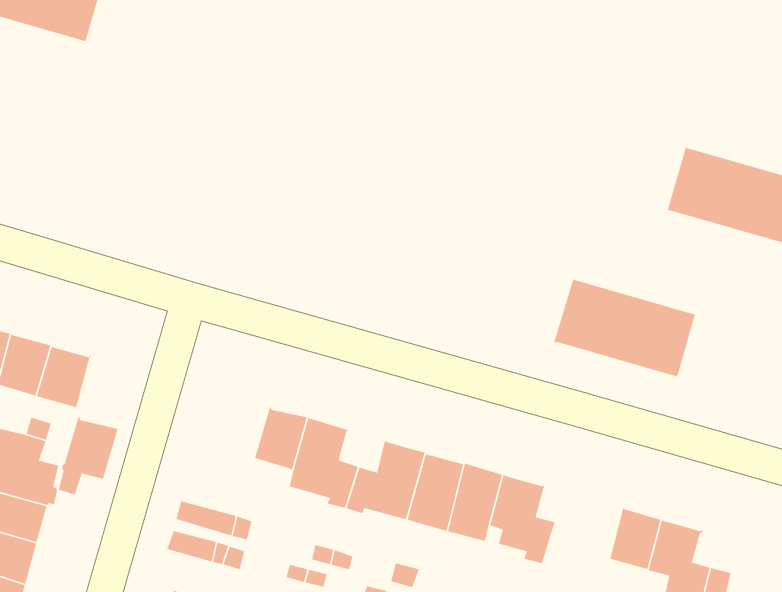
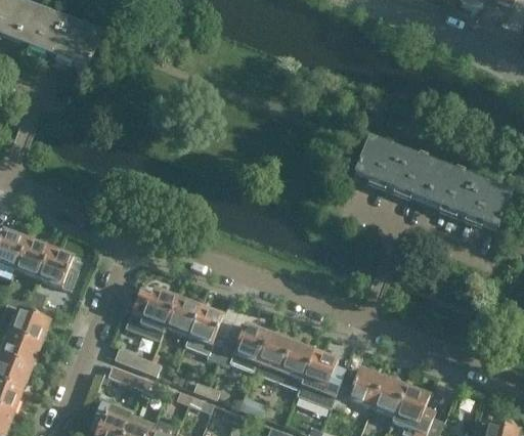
building: [553,278,696,378] -> [353,135,440,201]
building: [58,416,119,495] -> [137,287,177,334]
building: none -> [332,366,383,409]

